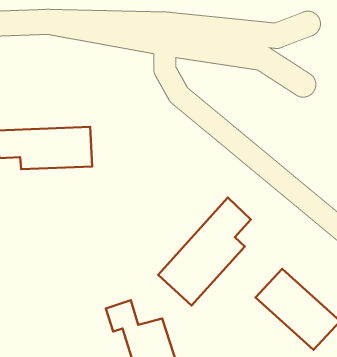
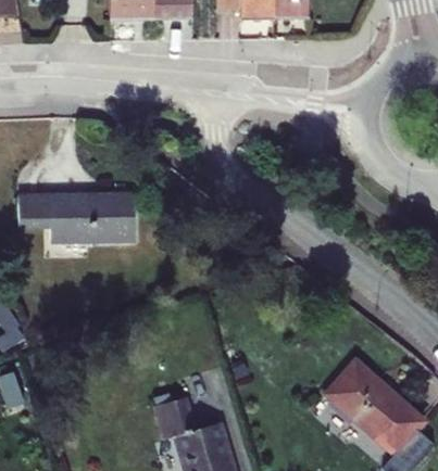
building: [158,198,251,305] -> none

